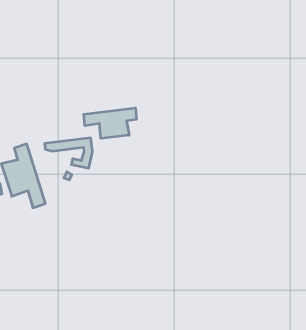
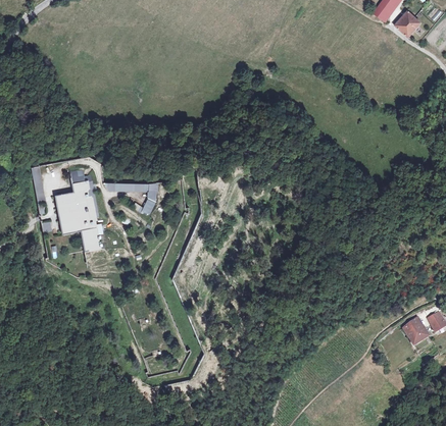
building: [84,108,136,138] -> none

